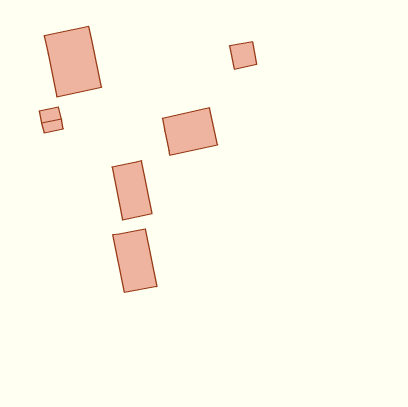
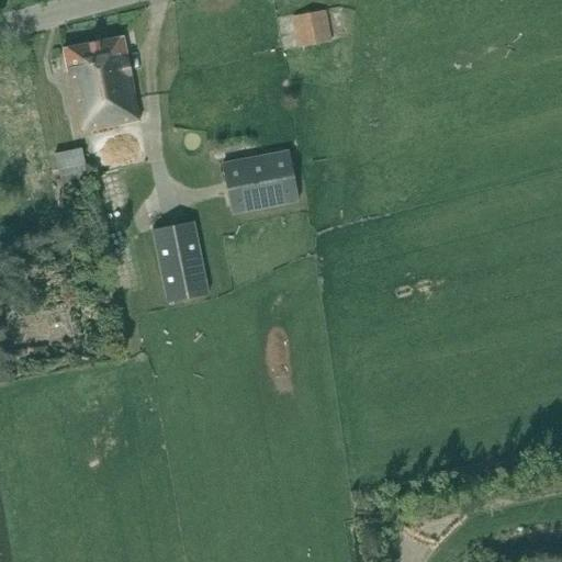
building: [229,42,257,69] -> [291,10,328,47]
building: [113,229,157,292] -> none

